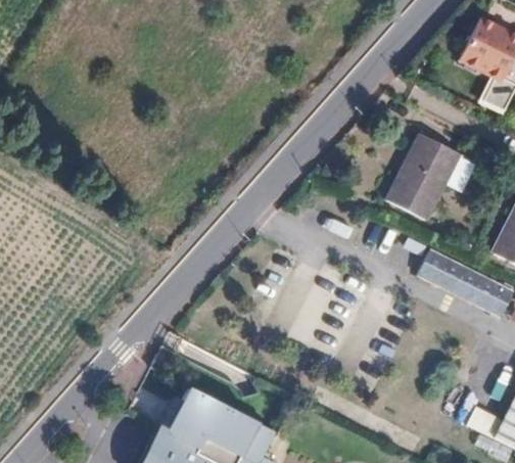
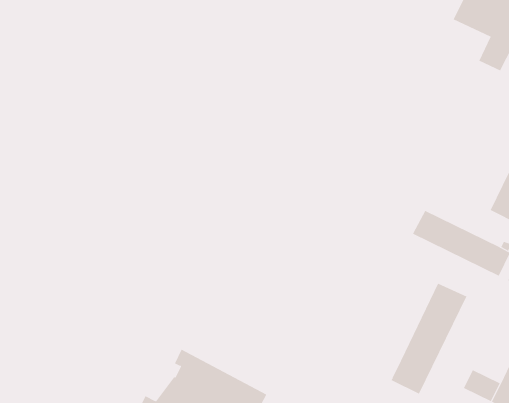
building: [385,133,459,219] -> none
building: none -> [391,283,467,395]

